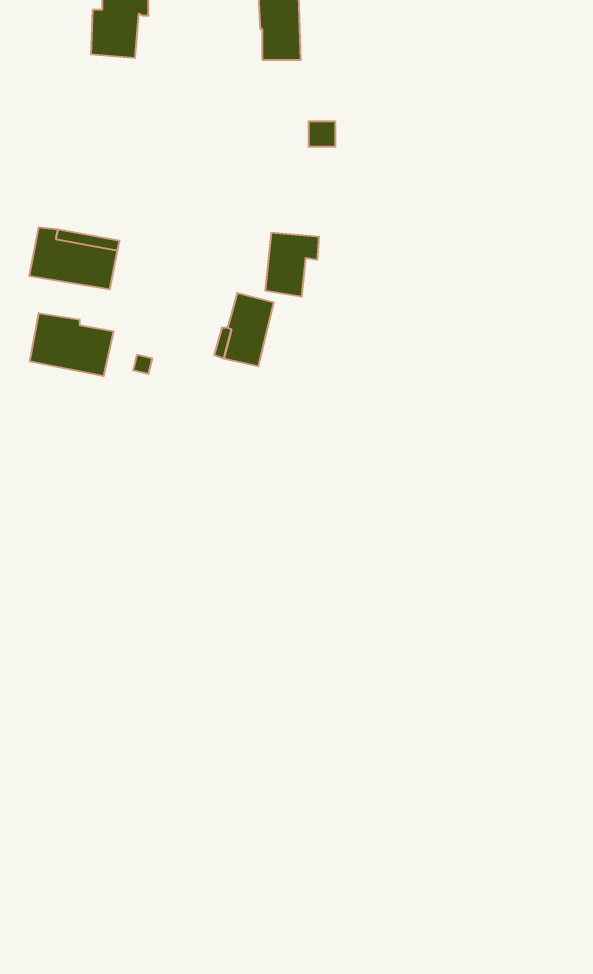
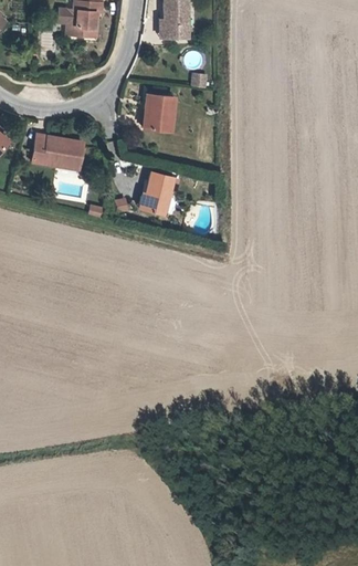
building: [265,233,319,296] -> [144,94,175,130]
building: [30,313,113,376] -> none

